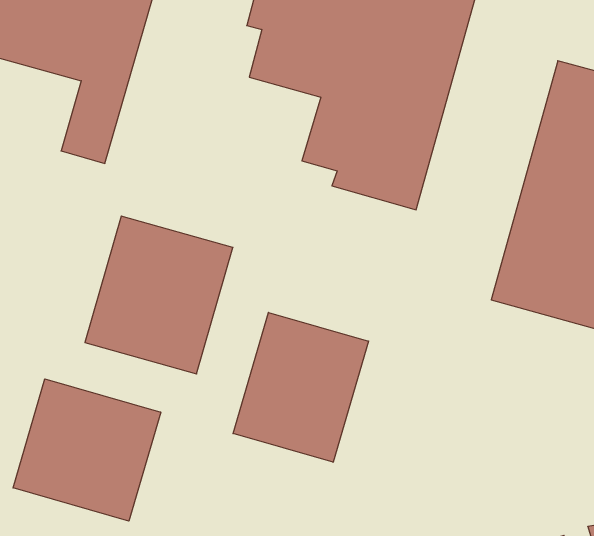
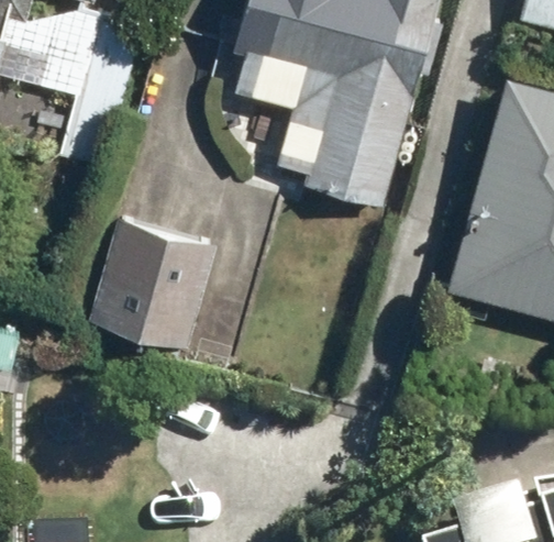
building: [233,312,369,462] -> none
building: [13,379,161,521] -> none

